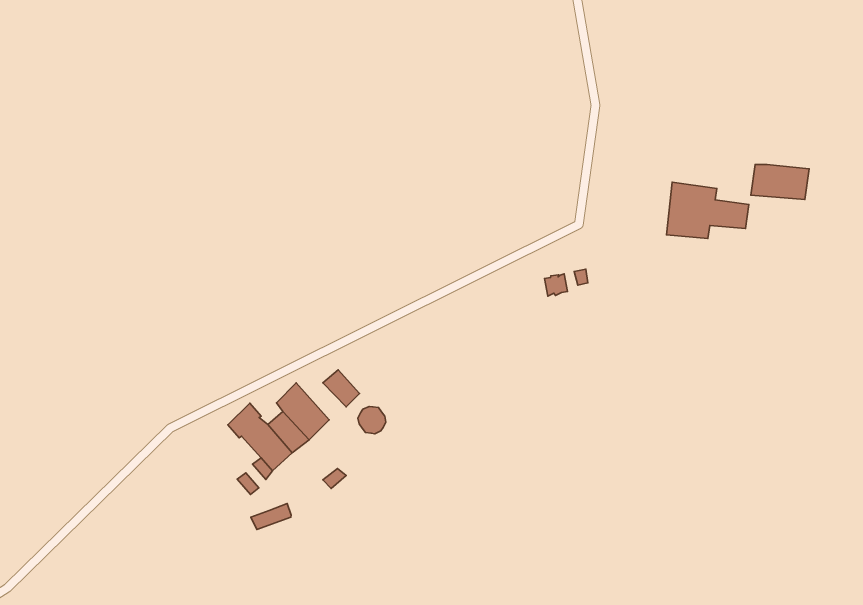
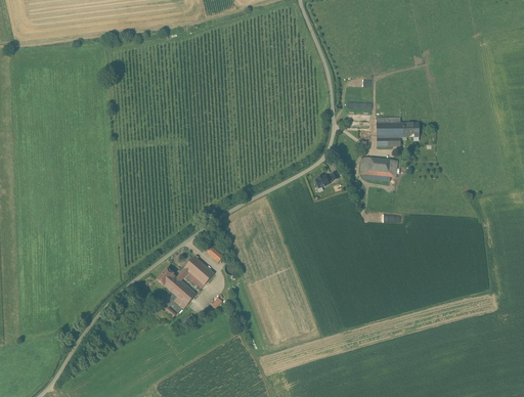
building: [751,164,809,199] -> none
building: none -> [361,158,398,178]

